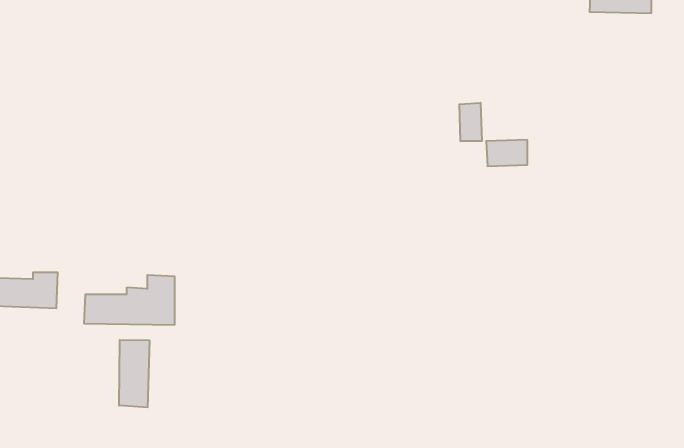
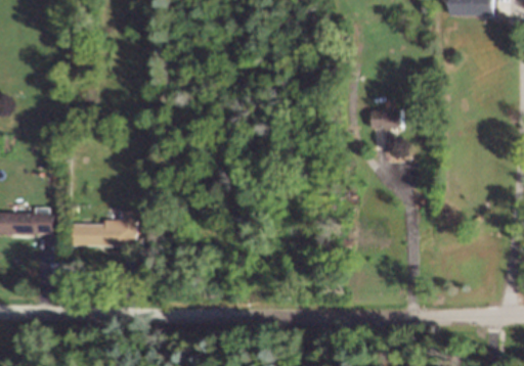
building: [459,103,482,141] -> none
building: [119,340,149,407] -> none

